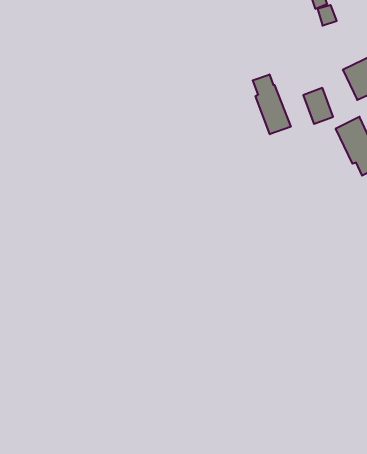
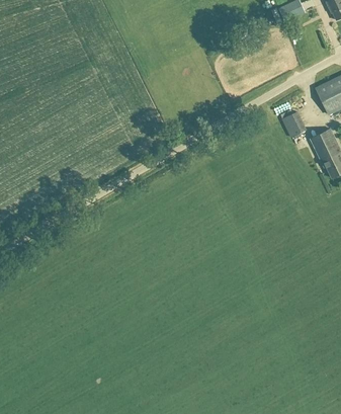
building: [253,74,291,134] -> none

